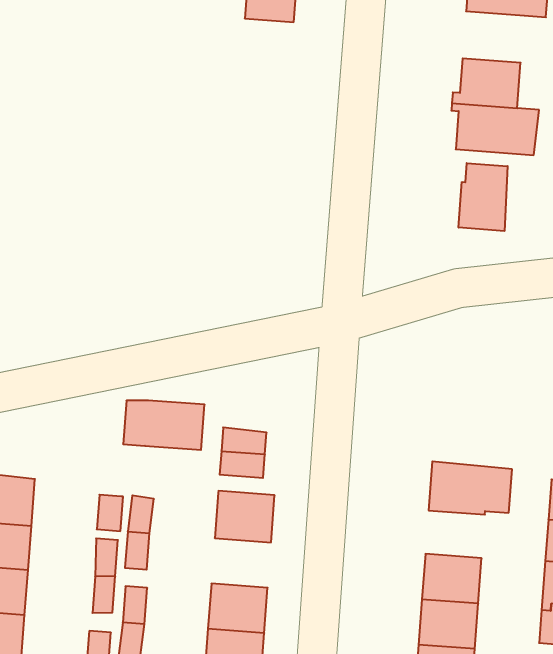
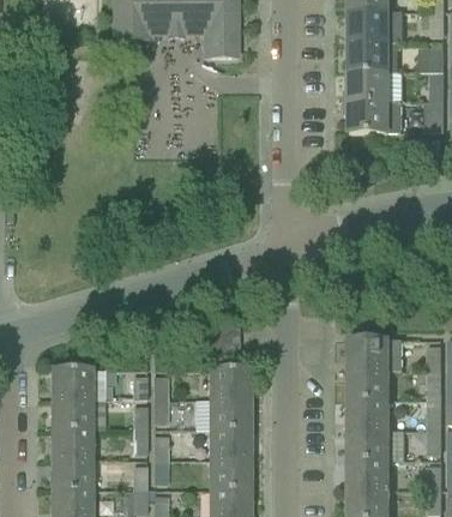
building: none -> [349,41,397,72]
building: [459,163,508,231] -> none
building: [123,400,205,450] -> [195,399,247,429]
building: none -> [349,371,386,399]

